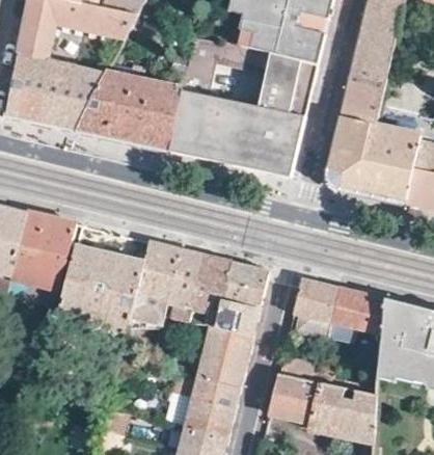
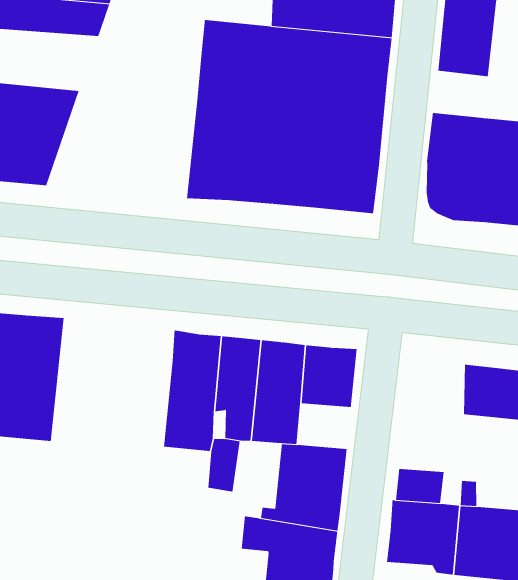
building: [77,71,184,152] -> none
building: [340,89,380,125] -> none
building: [51,242,144,341] -> none
building: [294,277,338,337] -> none
building: [220,298,260,332] -> none

